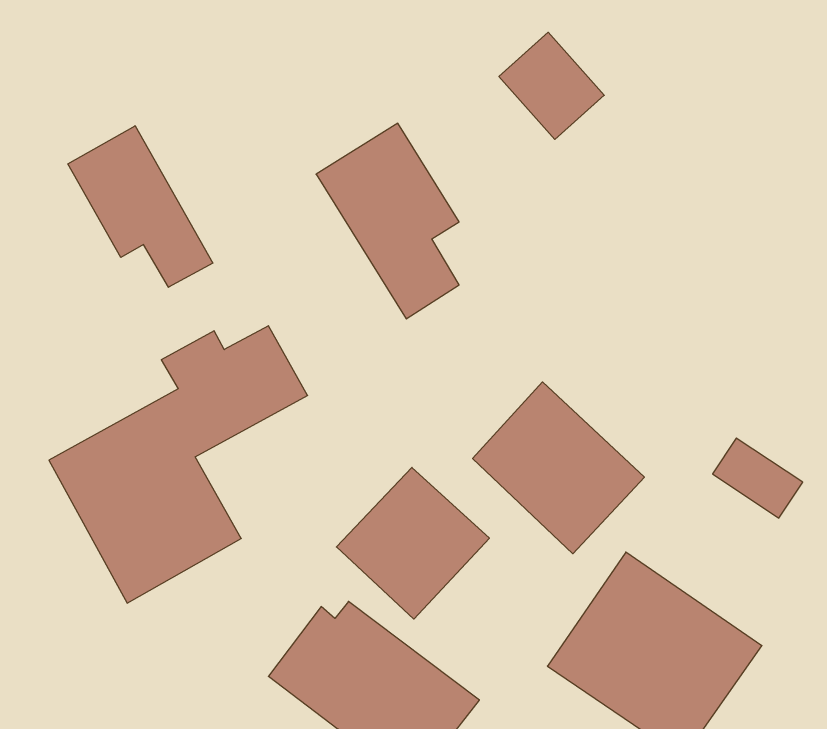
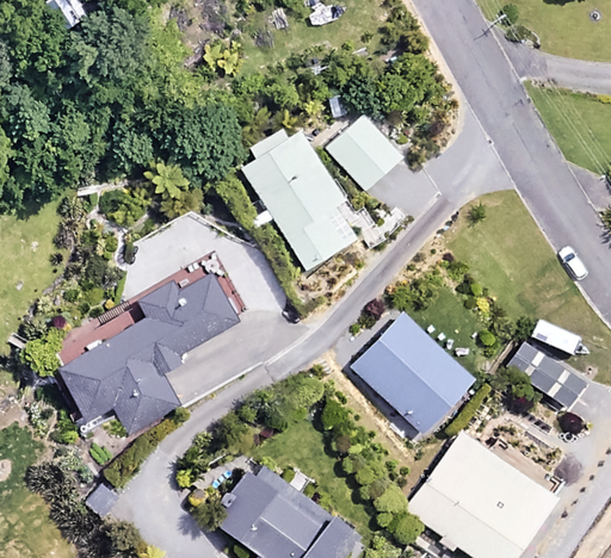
building: [499,32,604,139] -> [328,113,402,188]
building: [68,126,213,287] -> none
building: [336,467,489,619] -> none

